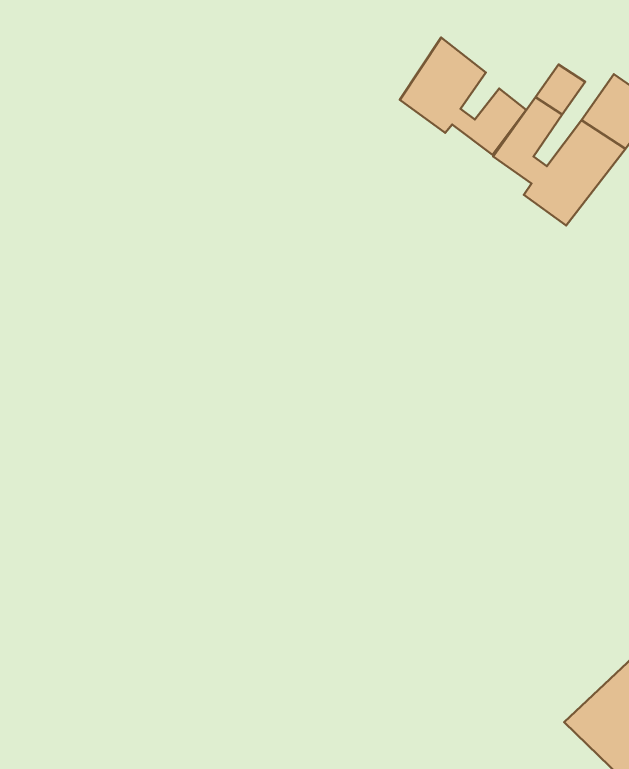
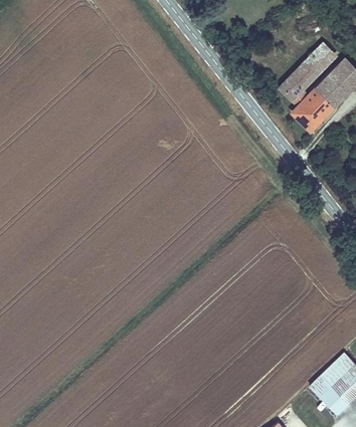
building: [400,37,526,155] -> none

